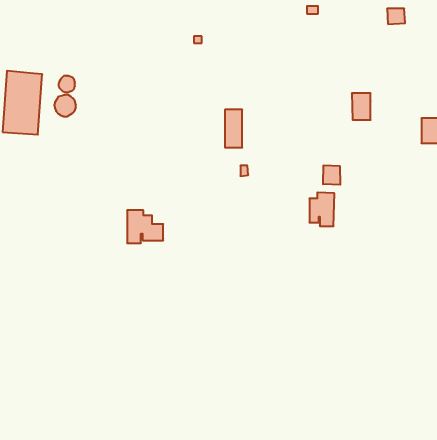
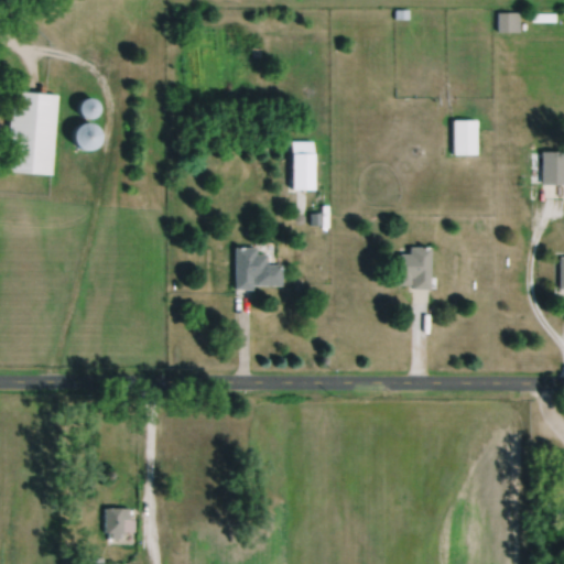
building: [323,165,340,185] -> none
building: [127,210,163,243] -> [236,248,282,290]
building: none -> [107,507,137,538]

